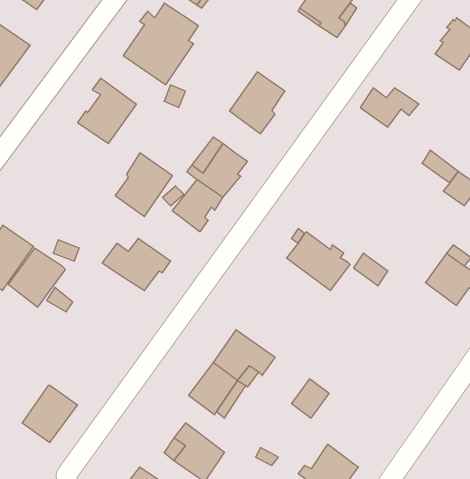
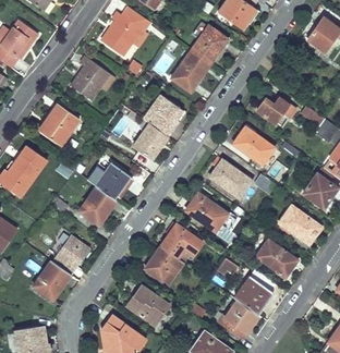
building: none -> [190,25,229,64]
building: [360,88,419,127] -> [256,97,295,123]
building: [115,153,172,217] -> [40,102,78,145]
building: none -> [235,125,274,163]
building: [8,248,65,307] -> [78,185,117,224]
building: none -> [187,193,227,230]
building: none -> [278,205,320,243]
building: none -> [51,235,88,273]
building: none -> [255,239,295,277]
building: none -> [233,276,271,313]

